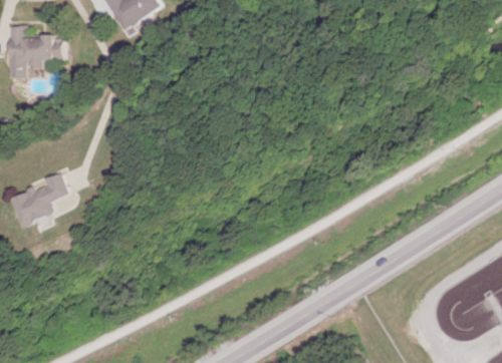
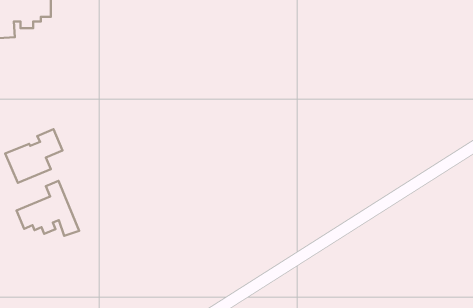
building: none -> [17,181,79,236]

